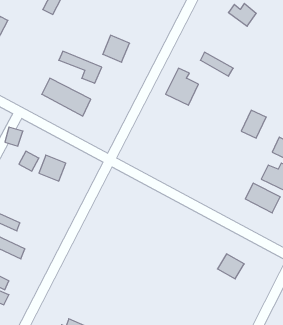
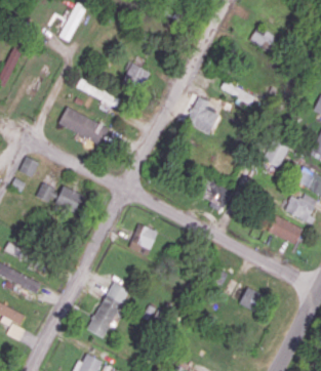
building: none -> [199,178,233,208]
building: none -> [129,223,158,255]
building: none -> [87,282,129,338]

